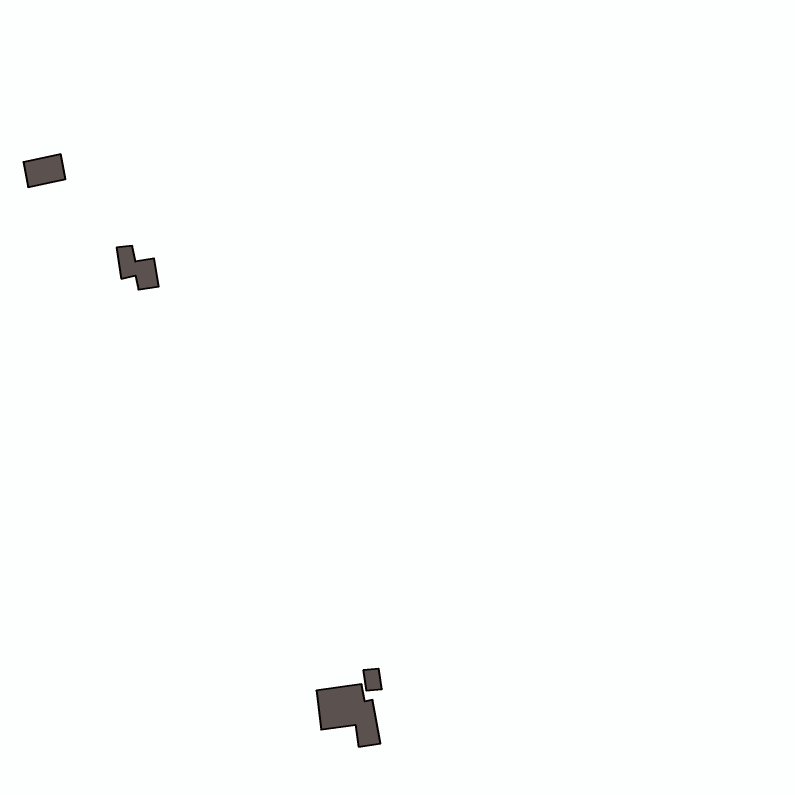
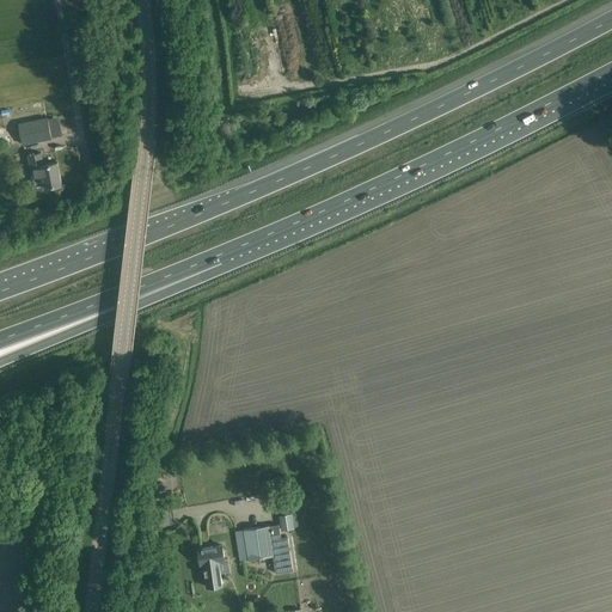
building: [117,246,159,290] -> [27,154,60,188]
building: none -> [197,546,224,588]

